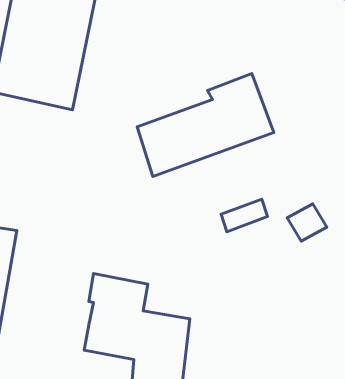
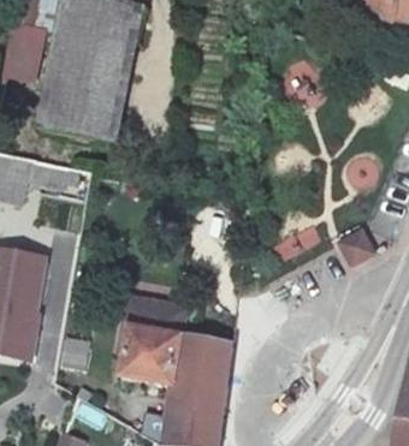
building: [137,73,274,176] -> none

